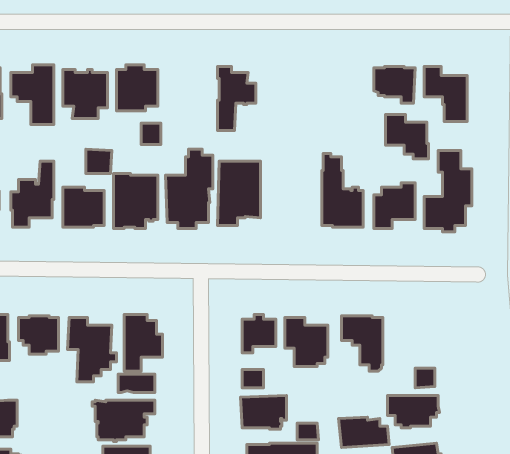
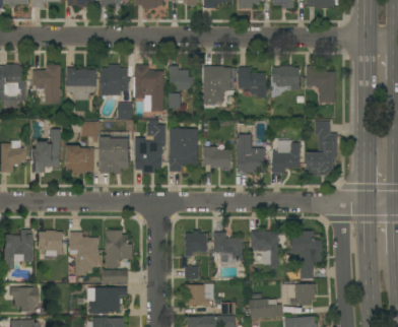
building: none -> [133,65,163,112]
building: none -> [203,66,230,99]
building: [386,114,429,159] -> [238,68,266,97]
building: none -> [203,147,230,171]
building: none -> [291,231,313,256]

